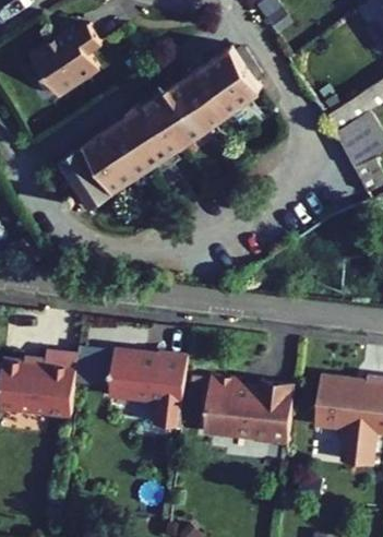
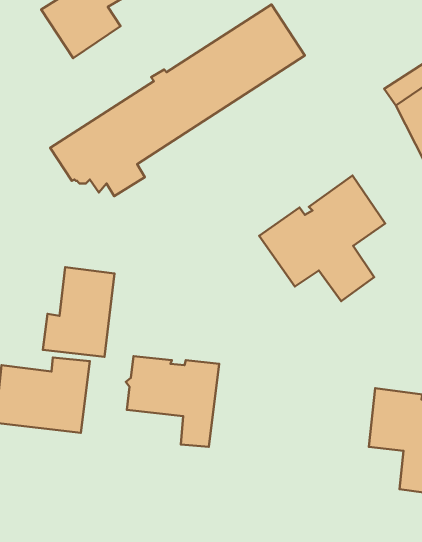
building: none -> [259,176,385,301]
building: none -> [43,267,114,357]
building: [203,375,295,445] -> none

